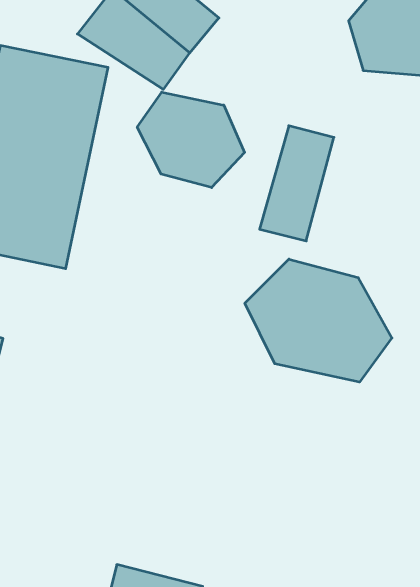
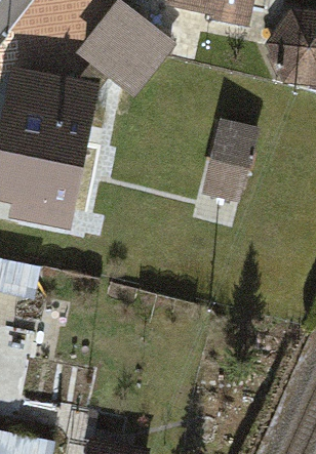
building: [137,92,245,188] -> none
building: [245,259,392,382] -> none

